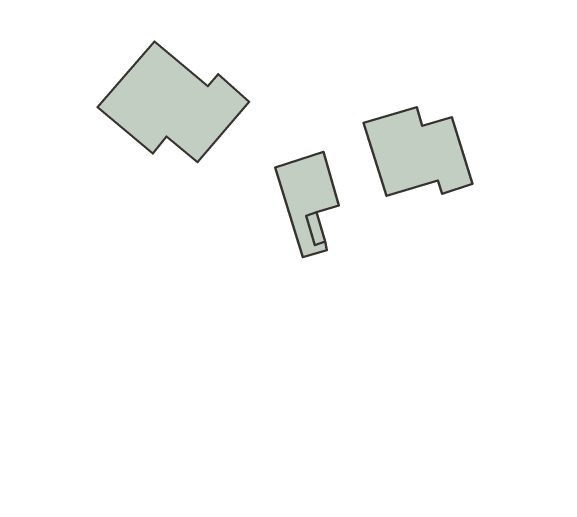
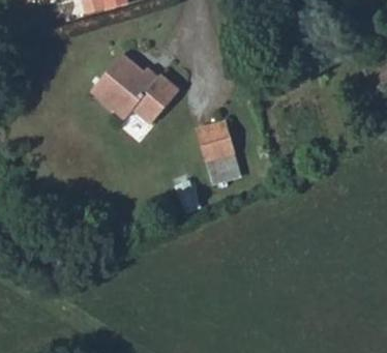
building: [364,107,472,196] -> none

